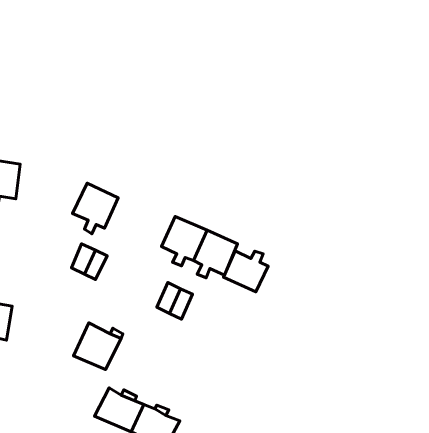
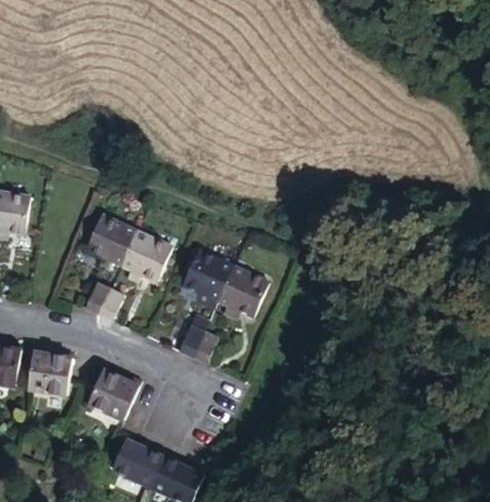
building: none -> [121,231,170,282]
building: [224,251,268,292] -> none
building: none -> [27,351,72,394]

